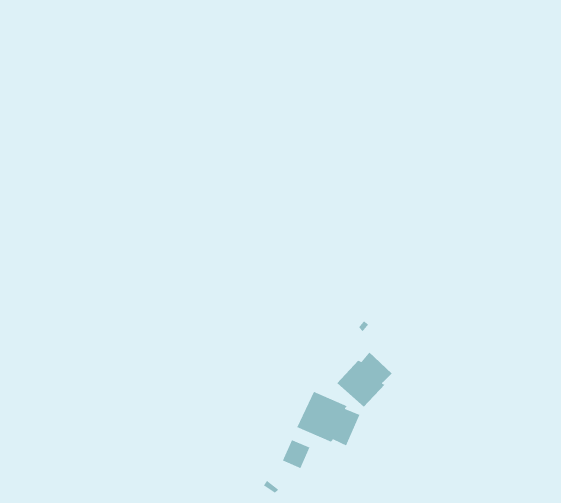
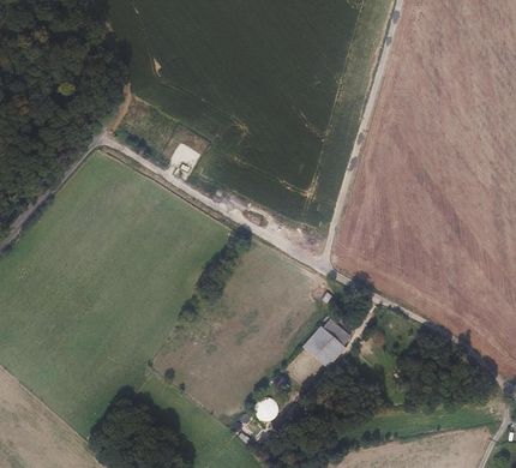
building: [296,391,361,447] -> none

